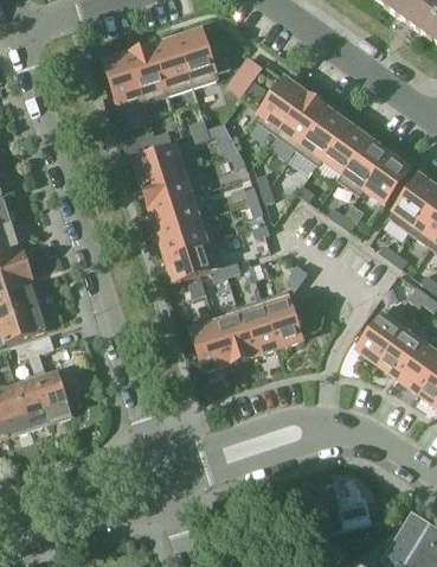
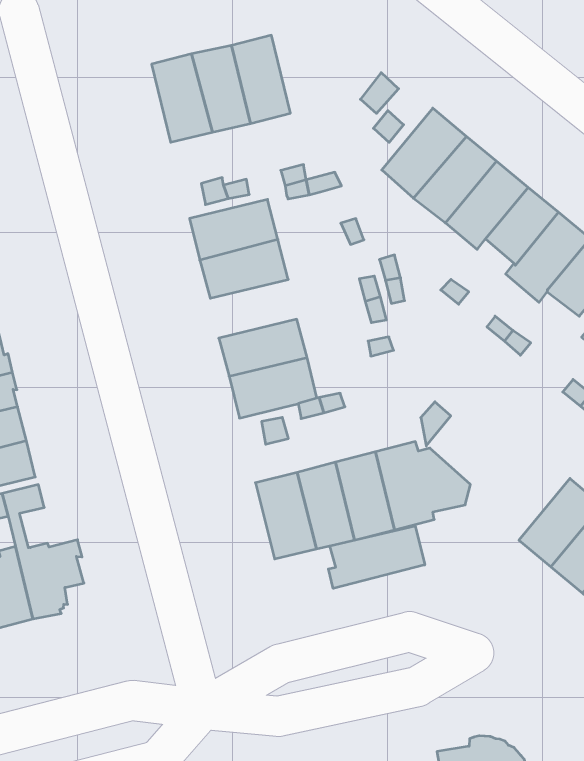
building: [178,31,218,88] -> none
building: [150,193,206,234] -> none
building: none -> [328,526,425,588]

